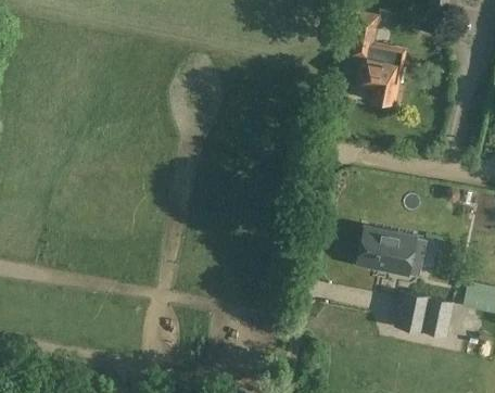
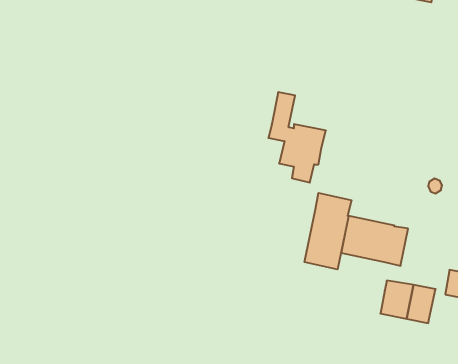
building: [350,11,408,103] -> [268,92,326,183]
building: none -> [304,193,352,269]

